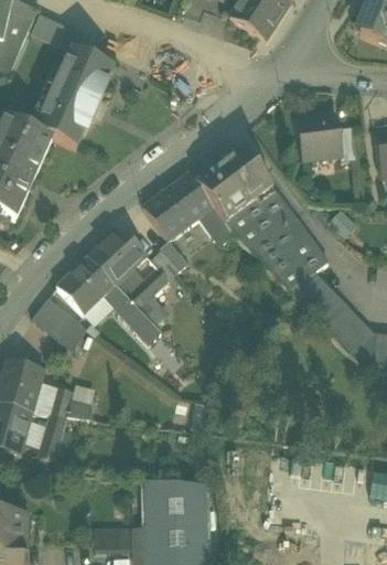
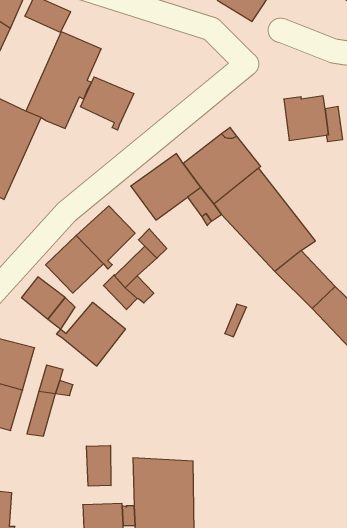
building: none -> [80,77,134,130]
building: none -> [57,302,125,366]
building: none -> [86,445,111,486]

